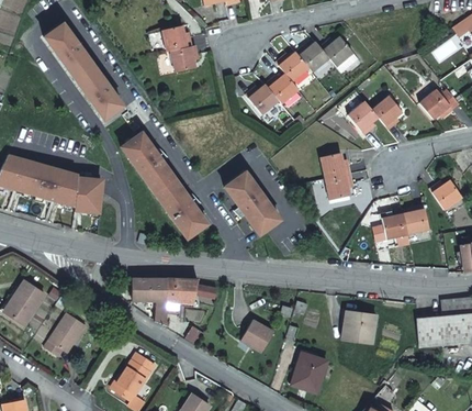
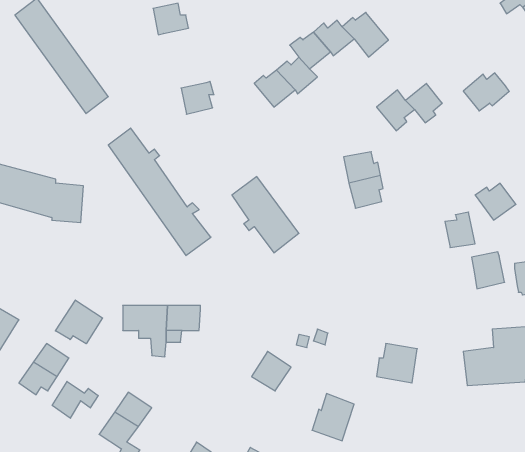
building: [168,47,195,75] -> [181,81,214,114]
building: [380,207,407,237] -> [472,252,505,289]
building: none -> [55,300,103,344]
building: none -> [52,381,98,418]

